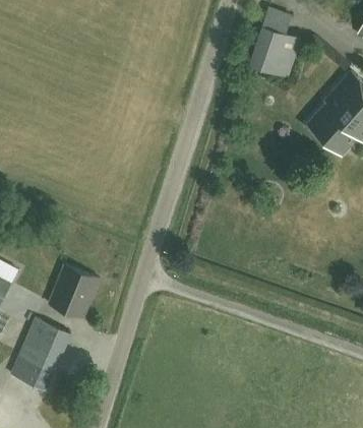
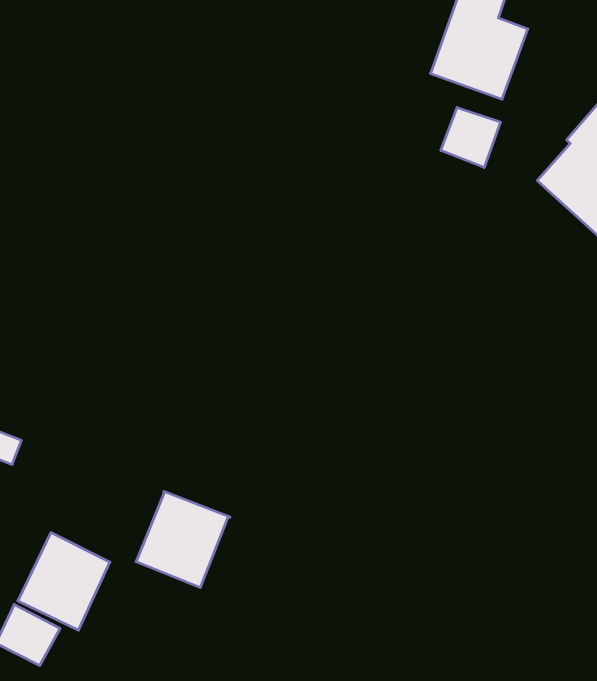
building: none -> [441,107,500,168]
building: [48,264,100,317] -> [136,492,230,587]

